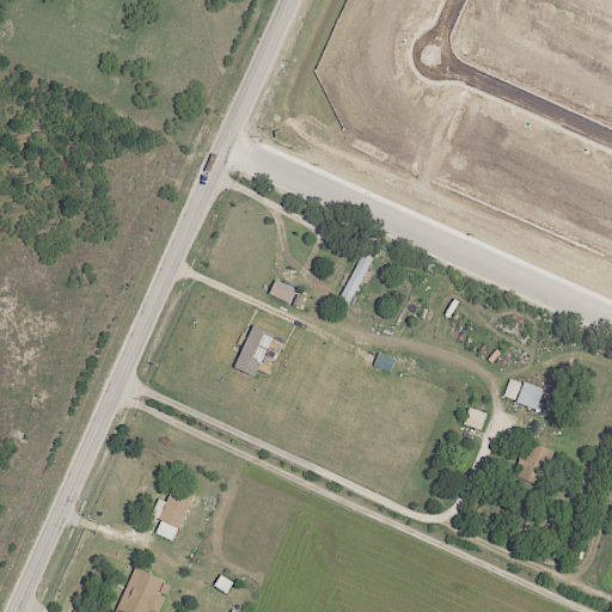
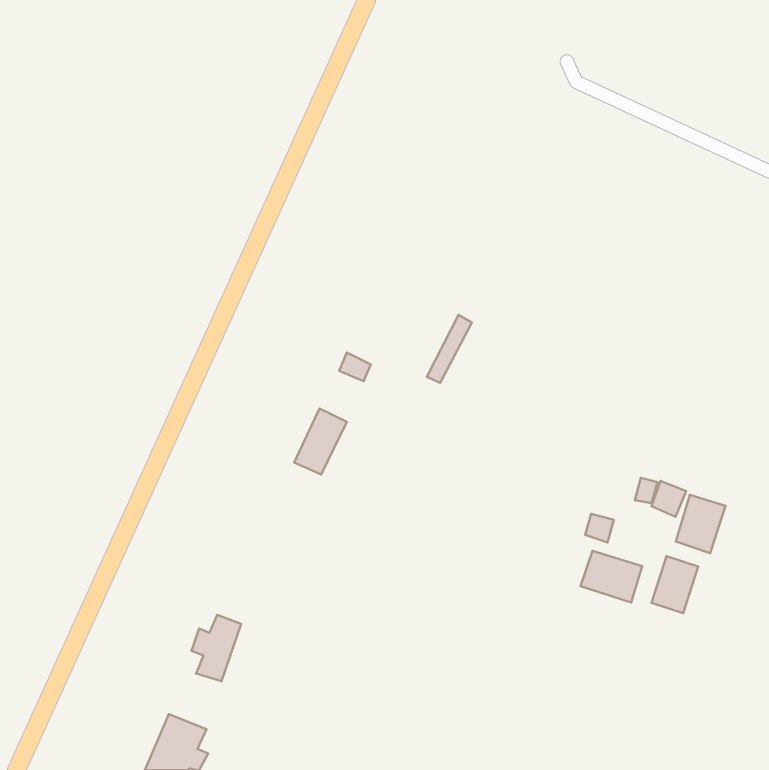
building: none -> [676,495,726,553]
building: none -> [581,551,642,602]

